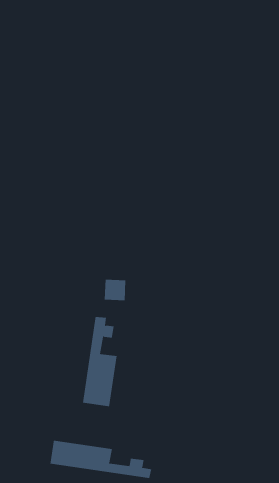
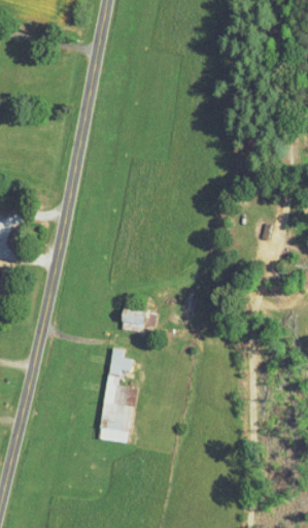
building: [50,440,152,479] -> none

